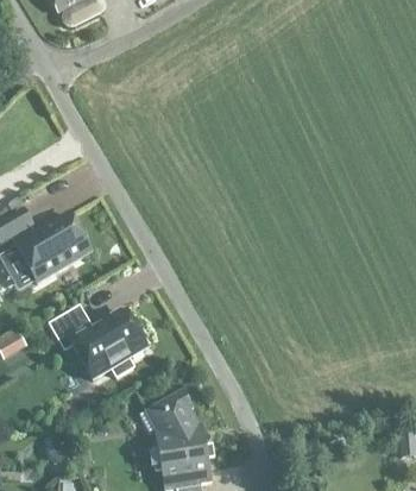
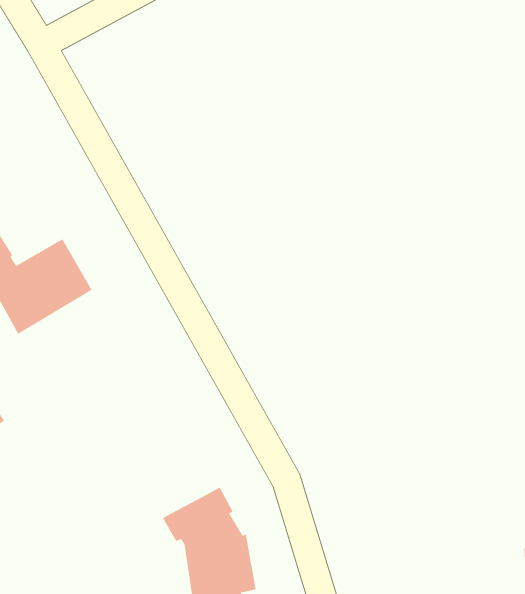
building: [50,307,147,379] -> none

